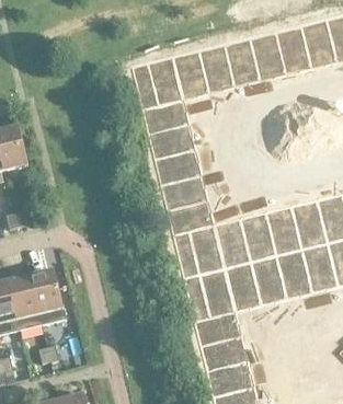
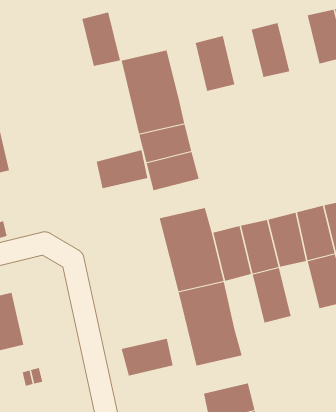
building: [275,22,312,73] -> none
building: [225,35,261,85] -> none
building: [173,47,209,97] -> [81,12,121,67]
building: [160,172,208,208] -> [96,149,148,189]
building: [276,247,312,298] -> none
building: [226,259,262,310] -> none
building: [31,269,67,324] -> none
building: [199,334,248,369] -> [121,338,173,376]

